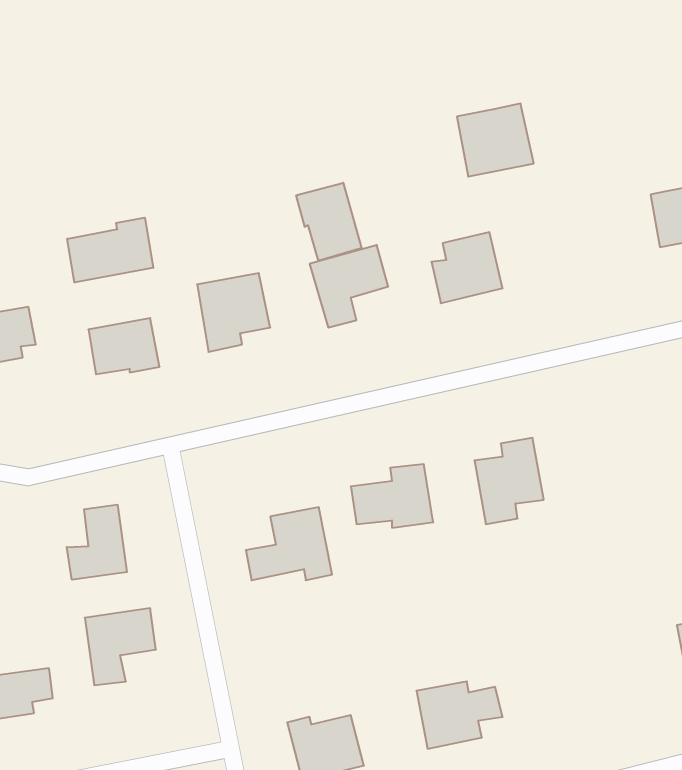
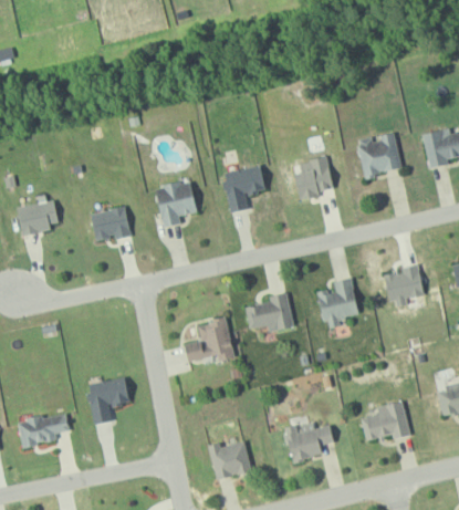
building: [457,104,534,177] -> [356,133,401,176]
building: [296,183,361,261] -> none
building: [67,218,153,283] -> none
building: none -> [384,263,426,309]
building: [67,505,127,580] -> none
building: none -> [361,400,410,440]

